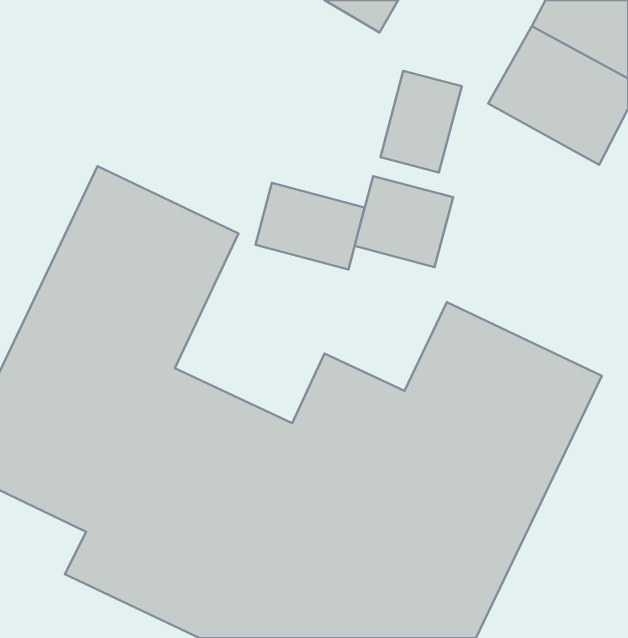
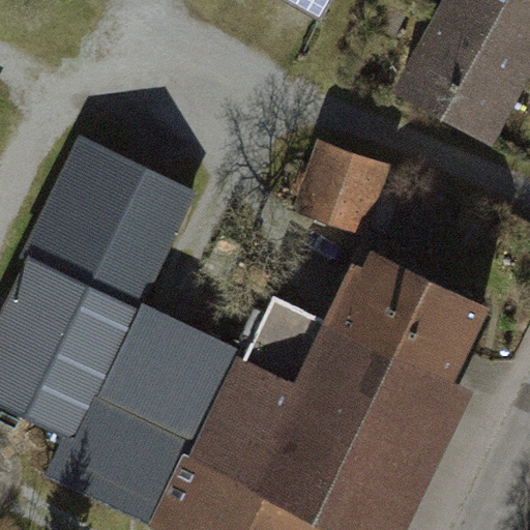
building: [380,71,462,172] -> none
building: [256,183,365,269] -> none

